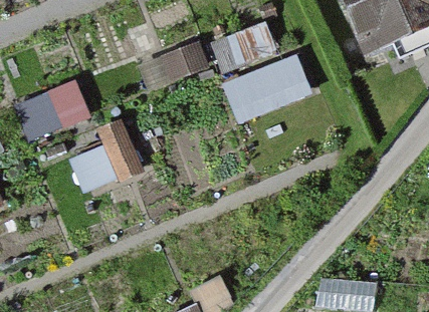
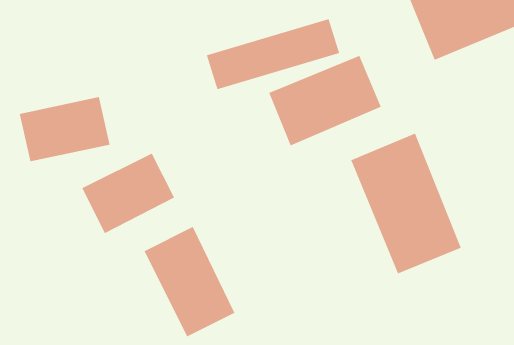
building: none -> [350,132,462,274]
building: none -> [143,226,236,337]

